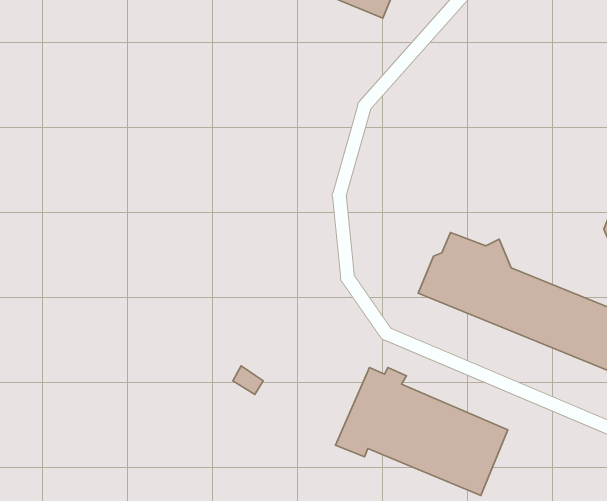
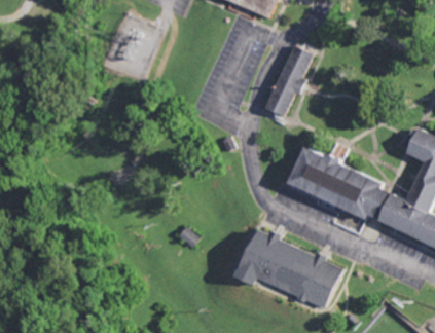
building: none -> [264,44,313,117]

